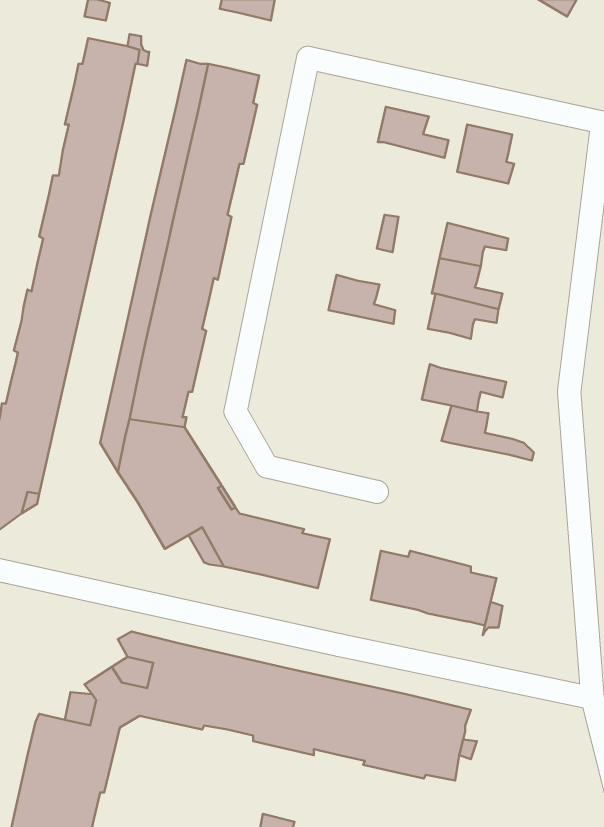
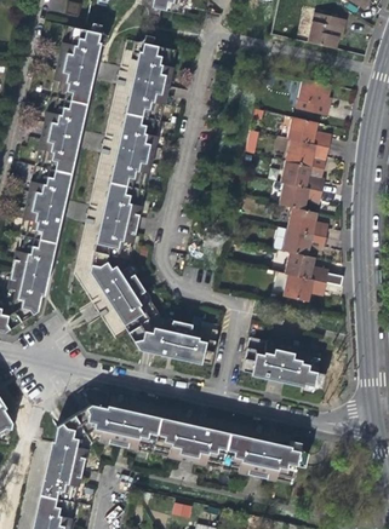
building: none -> [308,12,347,50]
building: [378,107,449,158] -> [287,117,331,149]
building: [329,275,395,324] -> [287,207,328,237]
building: none -> [286,275,328,301]

